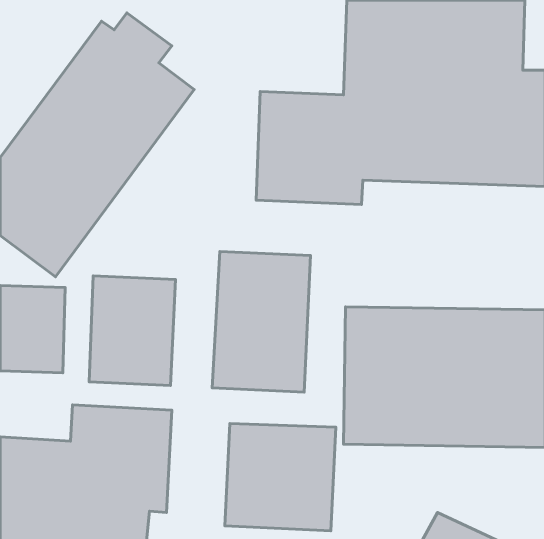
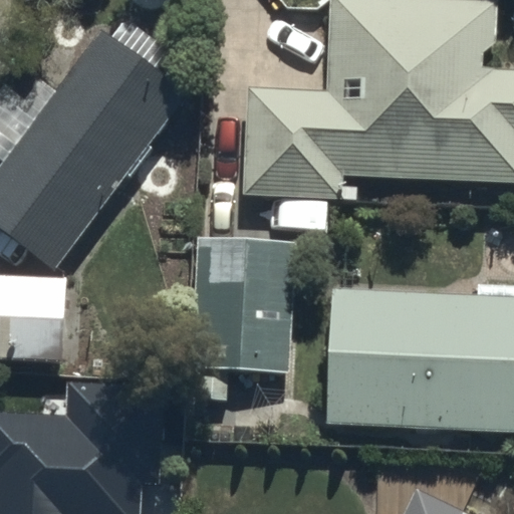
building: [89,276,175,386] -> none
building: [225,423,336,531] -> none

